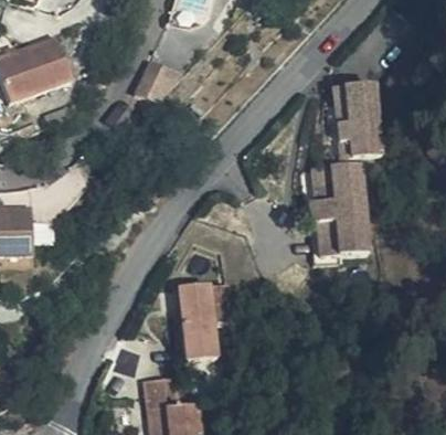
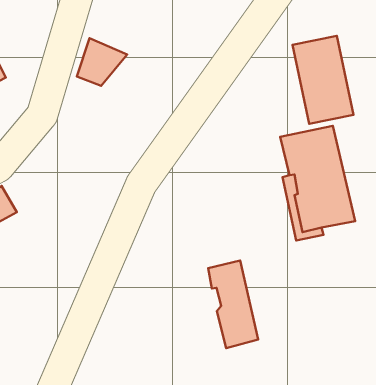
building: [182,278,220,356] -> [208,261,258,348]

